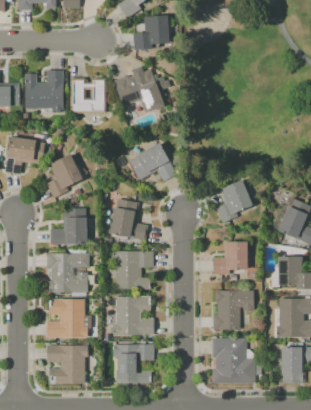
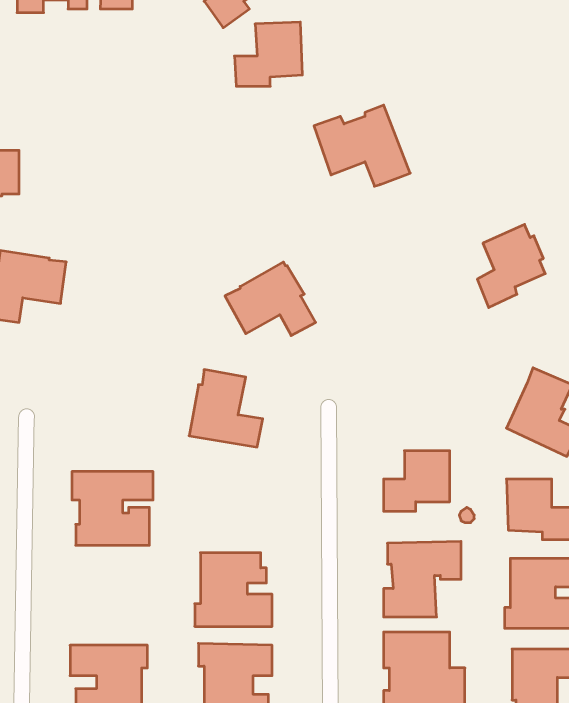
building: [113,69,164,112] -> [314,105,410,186]
building: [24,70,63,111] -> none
building: [70,77,105,113] -> none
building: [46,153,83,198] -> none
building: [216,179,252,223] -> [477,224,545,308]
building: [51,208,86,244] -> none
building: [112,251,153,290] -> none
building: [46,298,90,338] -> none

